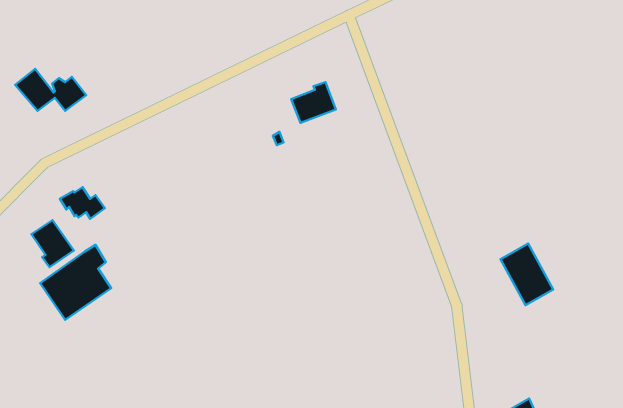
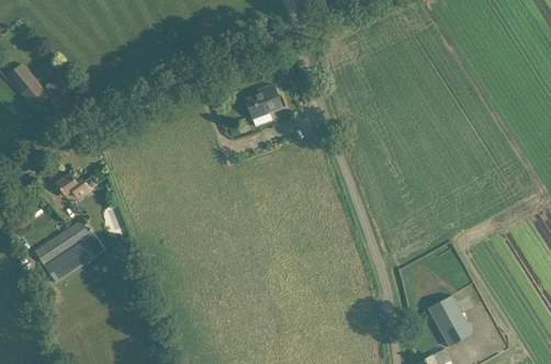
building: [32,220,74,267] -> none
building: [501,243,553,305] -> [428,294,472,345]

